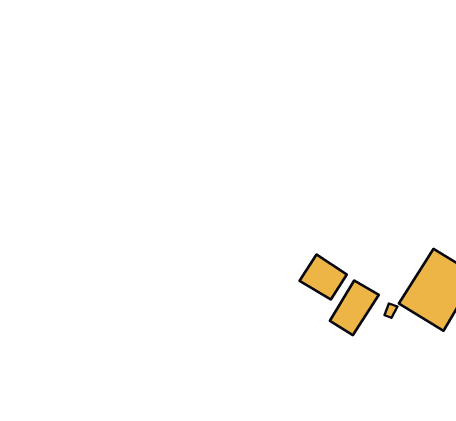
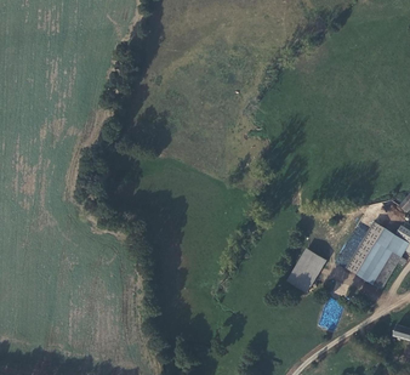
building: [299,255,347,300] -> none

